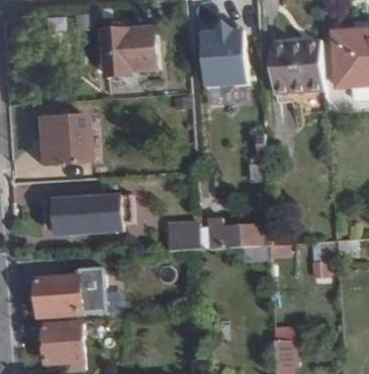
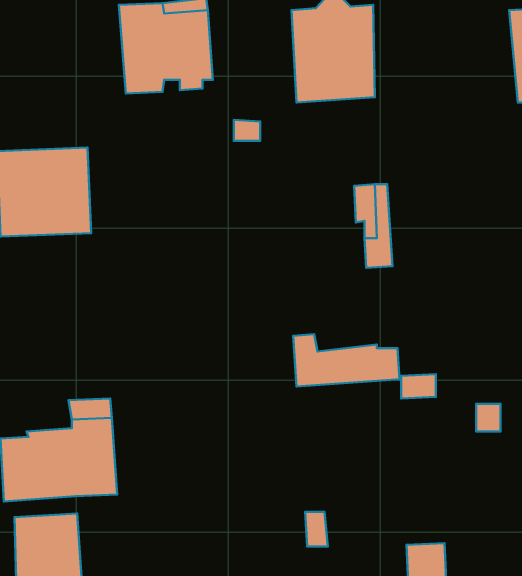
building: [267,42,321,95] -> none
building: [55,192,129,235] -> none
building: [167,219,198,250] -> none

